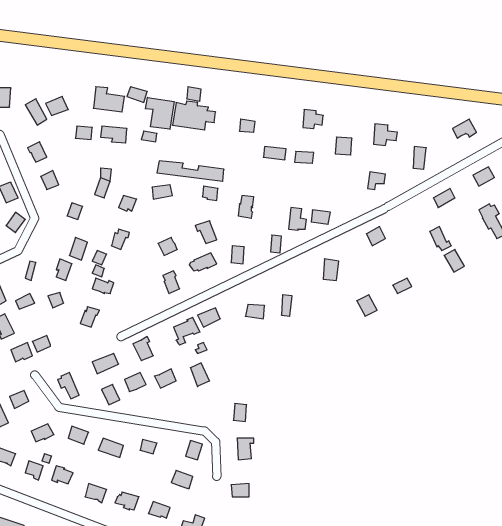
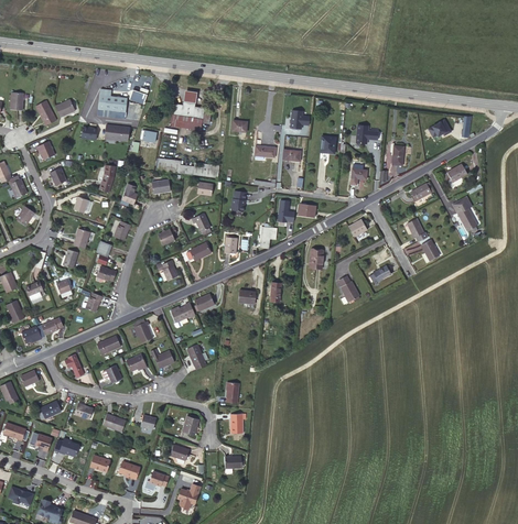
building: [145,97,174,129] -> none

